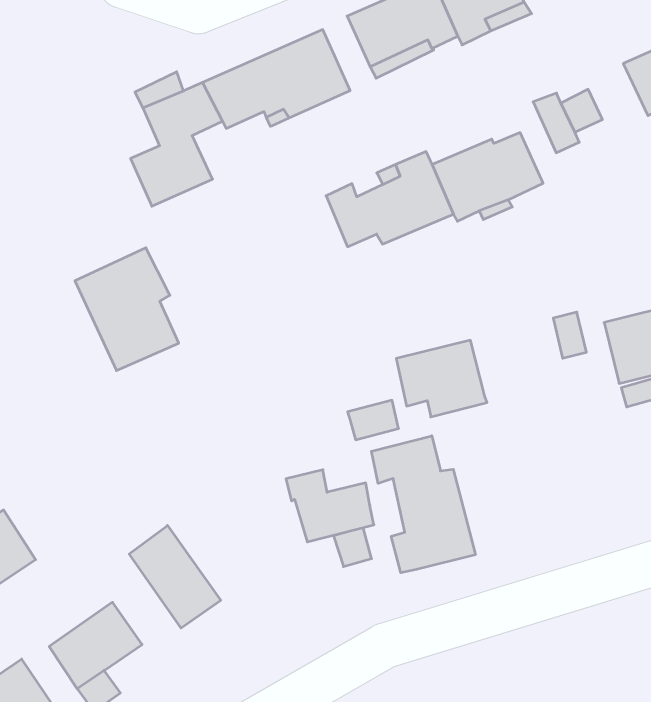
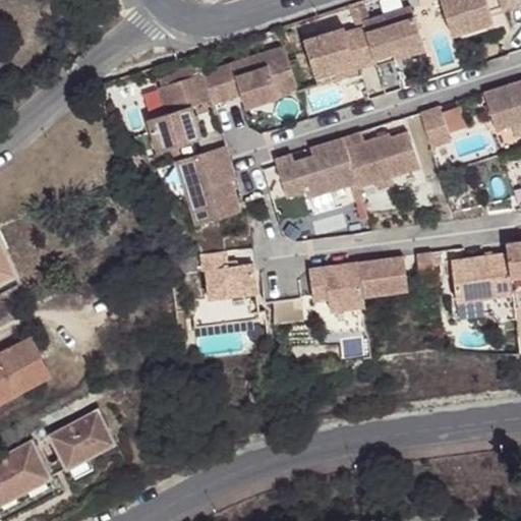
building: [75,248,179,371] -> [174,141,238,221]
building: none -> [357,258,406,303]
building: [371,436,475,573] -> none
building: [286,470,374,542] -> [199,247,254,294]
building: [129,525,221,628] -> none

